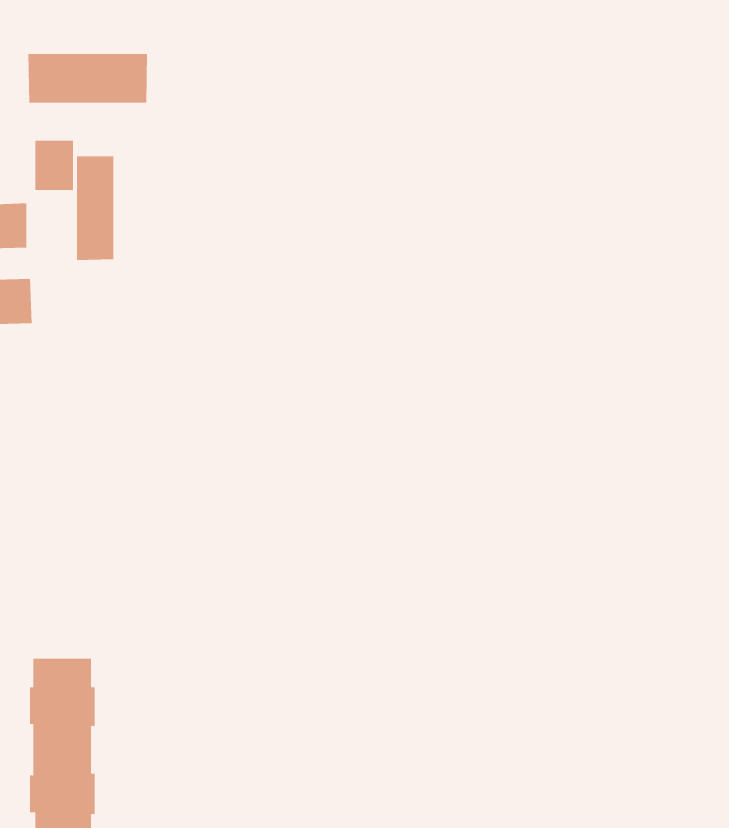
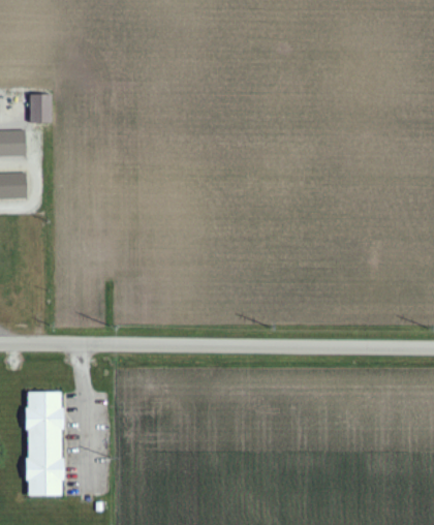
building: [28,53,147,104] -> none
building: [77,156,114,261] -> none

